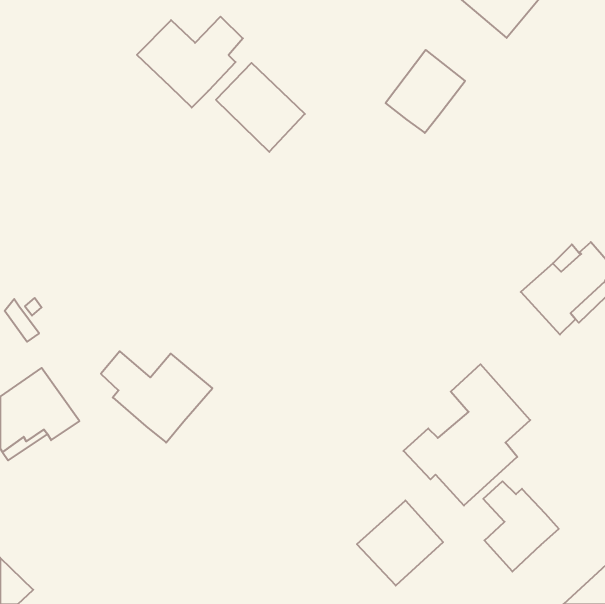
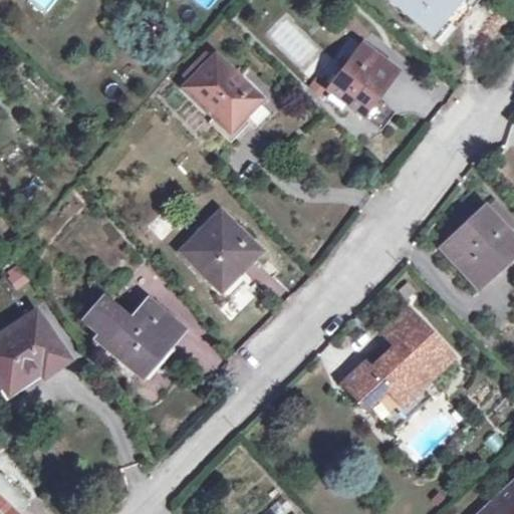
building: [137,17,243,108] -> none
building: none -> [182,212,257,301]
building: [483,481,559,572] -> none
building: [357,500,443,586] -> none

